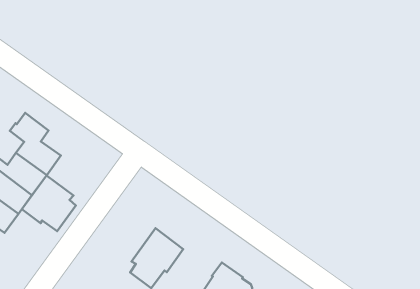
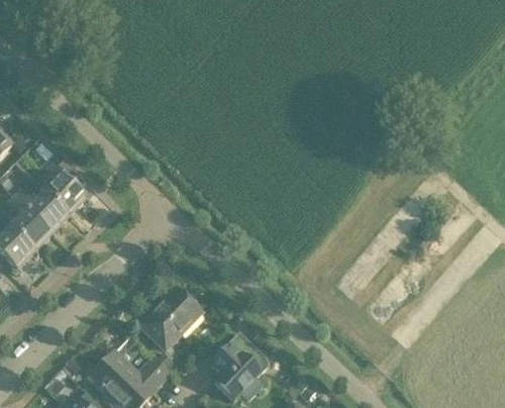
building: [22,175,76,231] -> none

